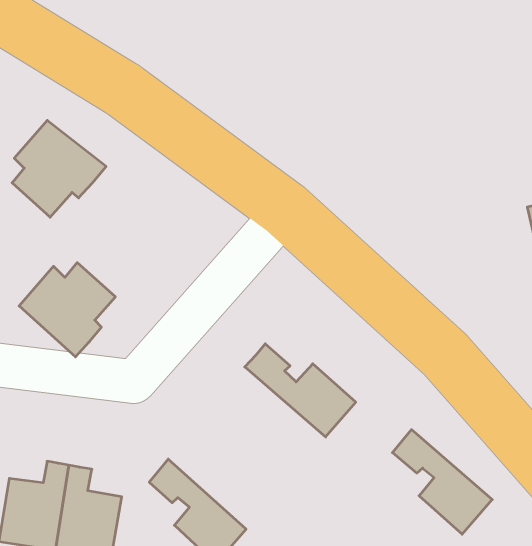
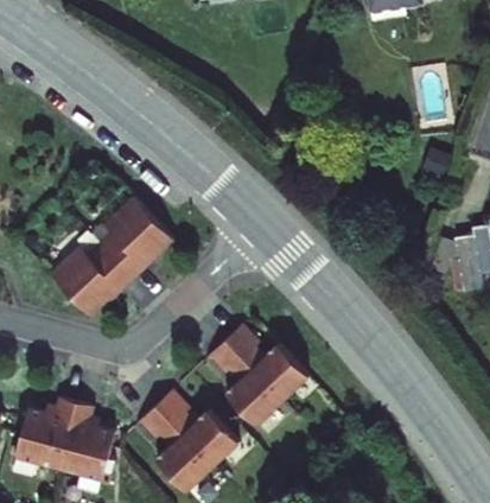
building: [12,120,106,217] -> [98,200,173,276]
building: [392,430,492,534] -> [205,340,280,426]
building: none -> [155,391,237,467]

